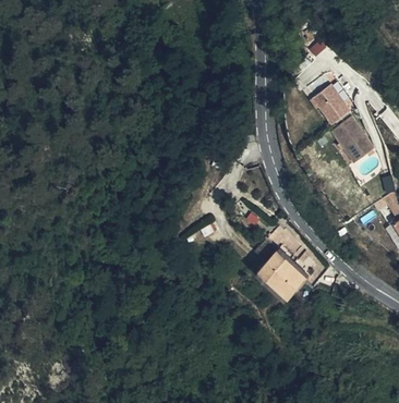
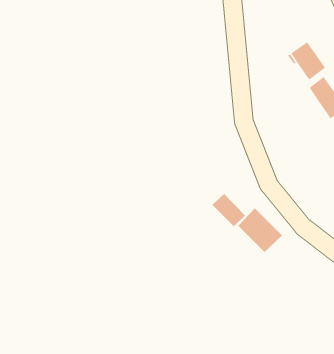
building: none -> [211,193,246,227]

